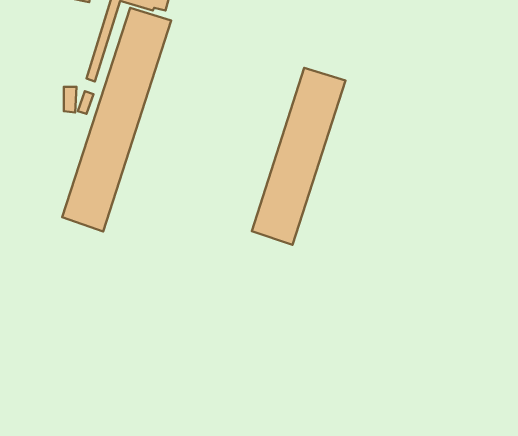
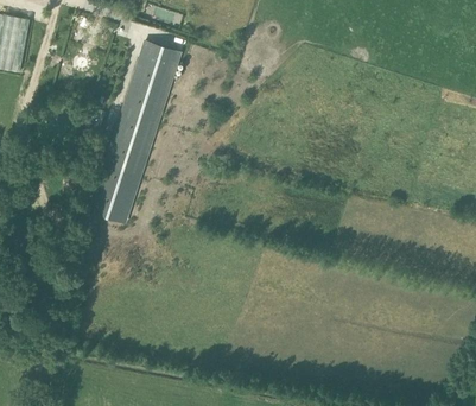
building: [252,68,346,245] -> none

